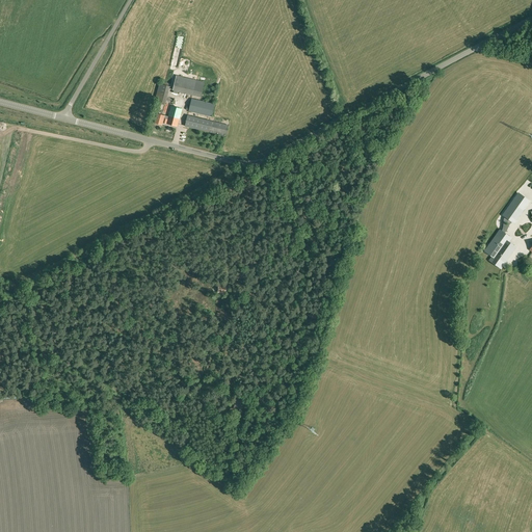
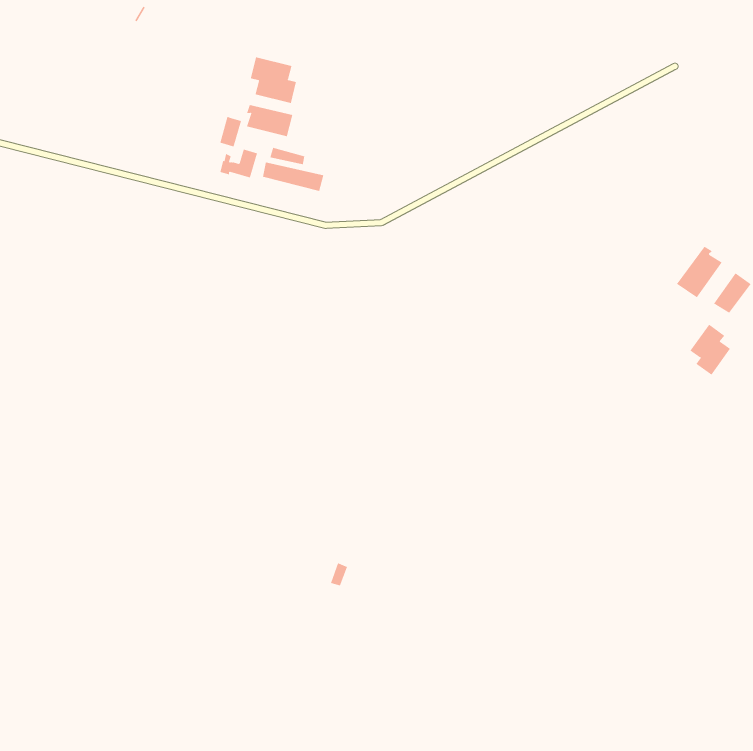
building: none -> [250,57,297,104]
building: none -> [676,246,723,298]

